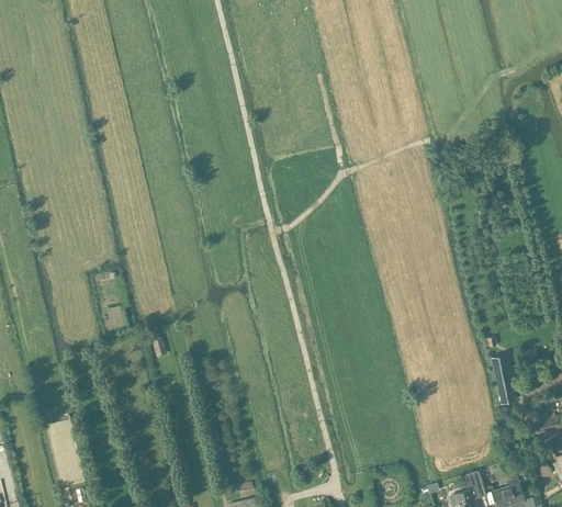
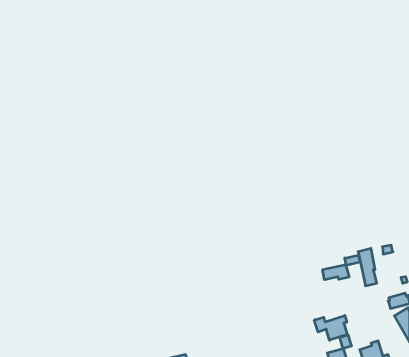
building: none -> [323,255,360,280]
building: none -> [314,315,347,340]

